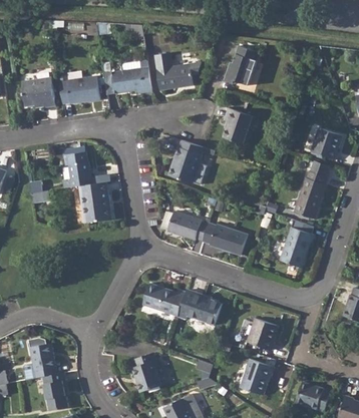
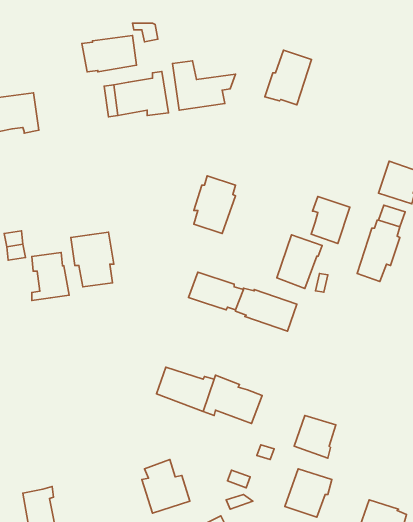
building: [59,76,100,103] -> [82,36,137,72]
building: [224,109,253,144] -> [311,197,350,243]
building: [65,151,93,187] -> [32,252,69,301]
building: [281,228,315,268] -> [277,235,322,288]
building: [31,343,58,378] -> none

